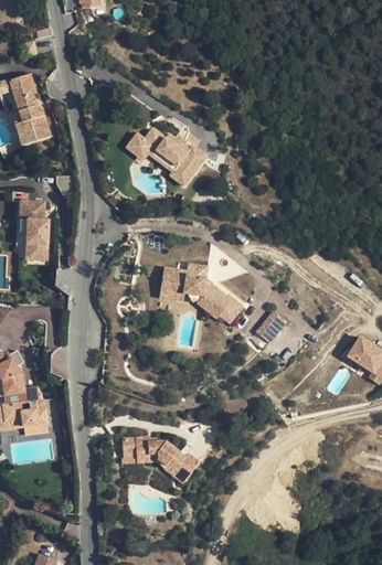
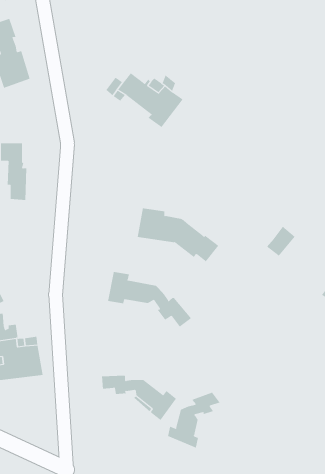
building: [257,310,287,341] -> [266,226,295,256]
building: none -> [108,271,192,327]
building: none -> [167,392,221,448]

